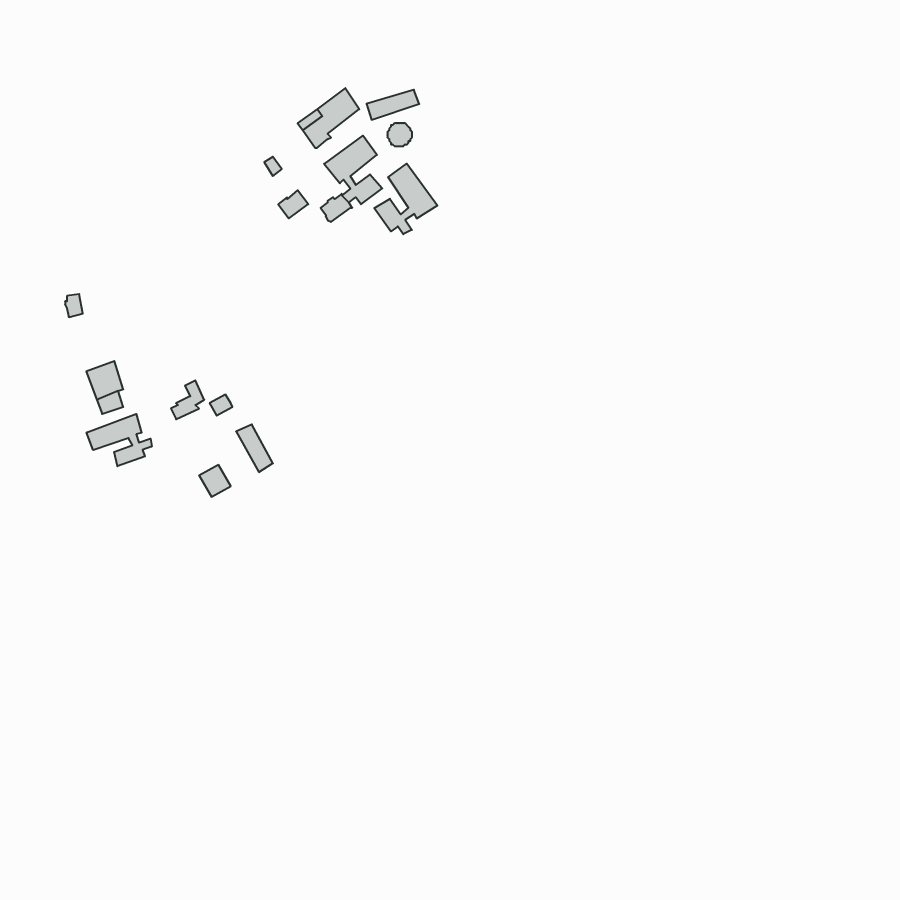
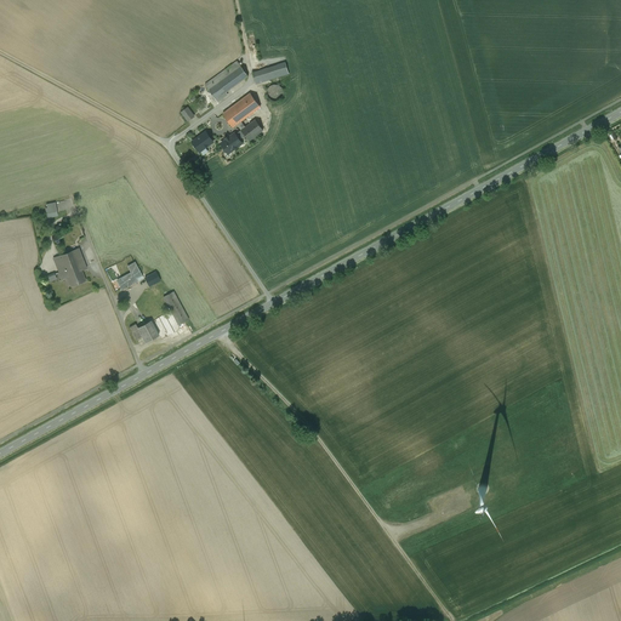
building: [374,164,437,234] -> none
building: [87,414,152,466] -> none

